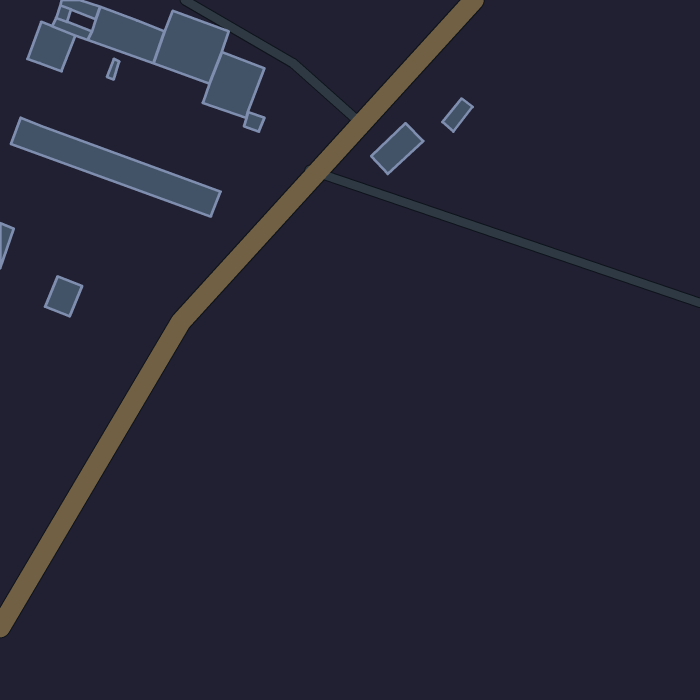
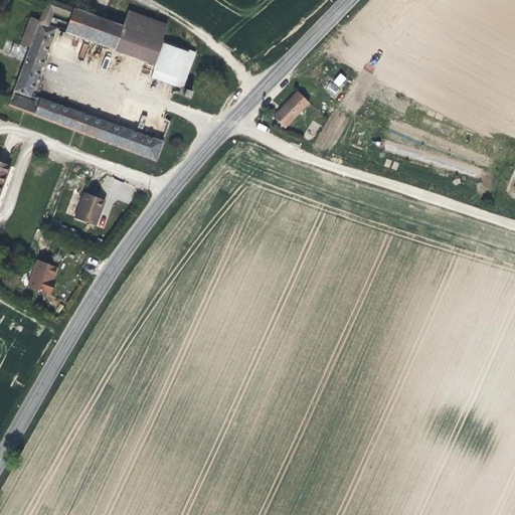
building: none -> [15,46,45,93]
building: [45,277,82,316] -> [74,196,102,225]
building: none -> [27,262,55,295]

